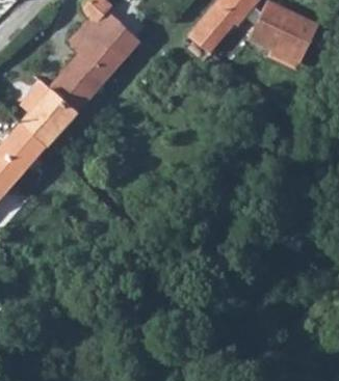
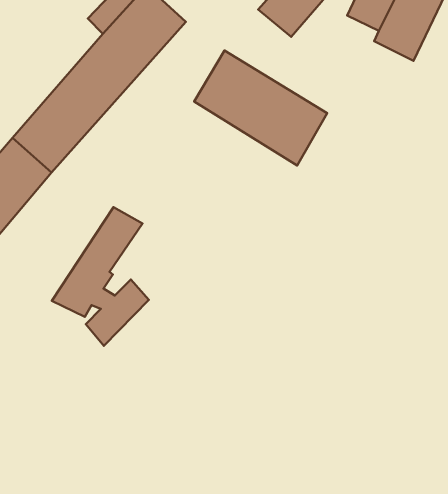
building: none -> [194,51,327,166]
building: none -> [52,207,149,346]

